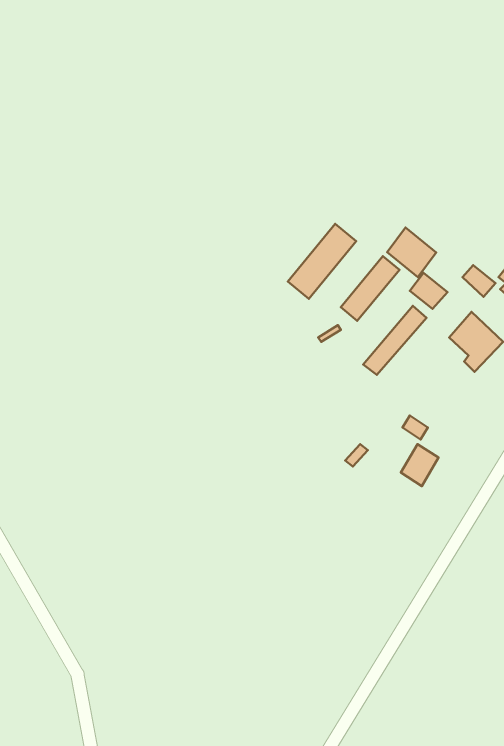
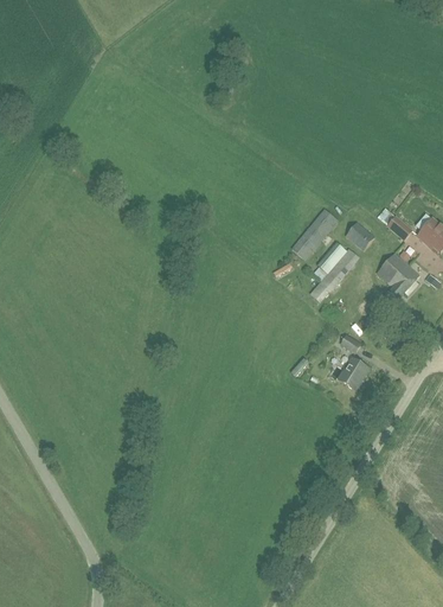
building: [288,224,356,299] -> none
building: [387,227,436,277] -> none

